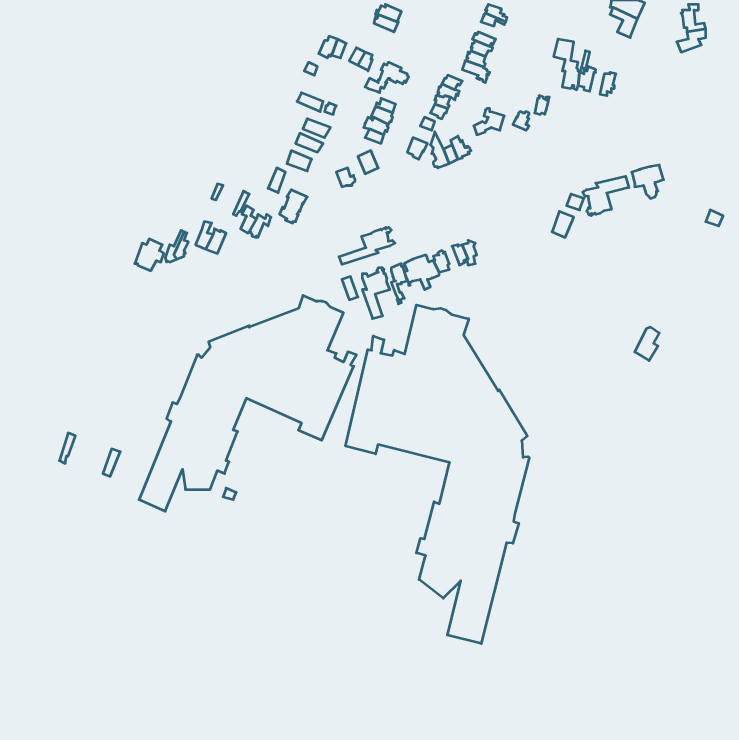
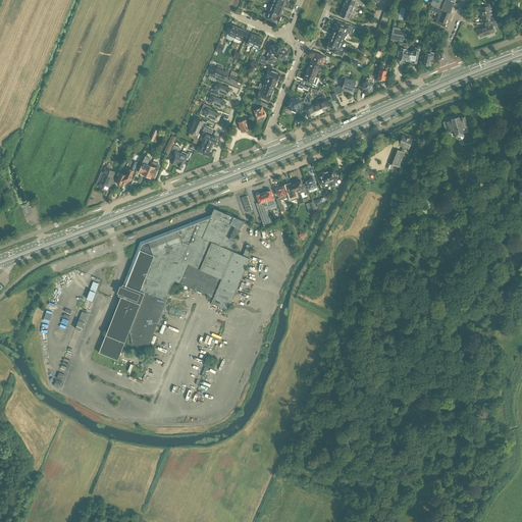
building: [583,176,629,216] -> none
building: [339,227,395,264] -> none
building: [346,305,529,644] -> none

